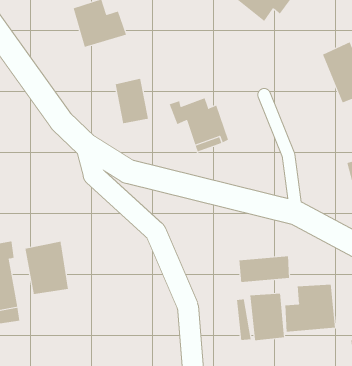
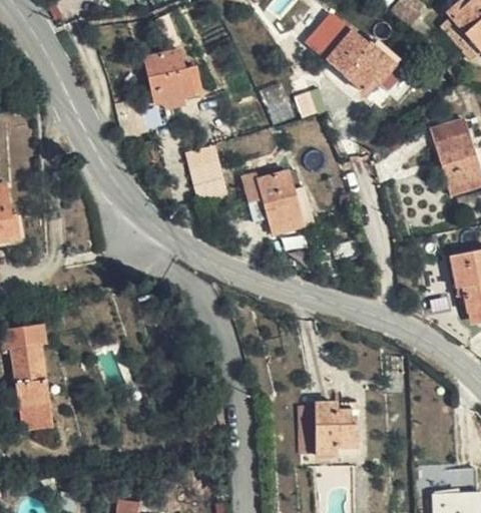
building: [25,241,69,295] -> none
building: [239,256,290,283] -> none
building: [285,284,335,333] -> none

